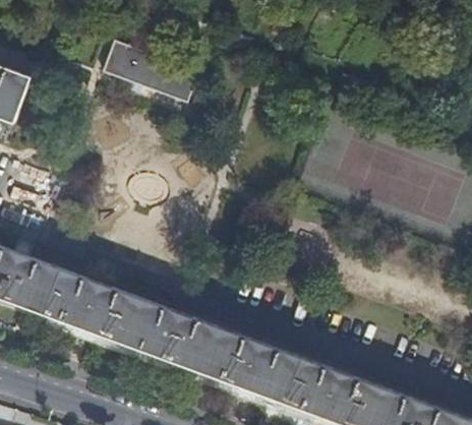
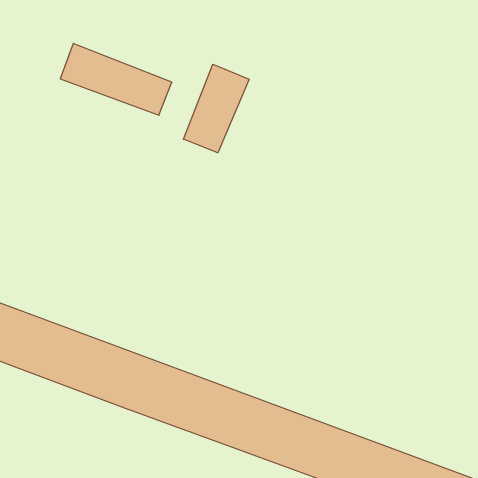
building: none -> [183,64,249,153]

